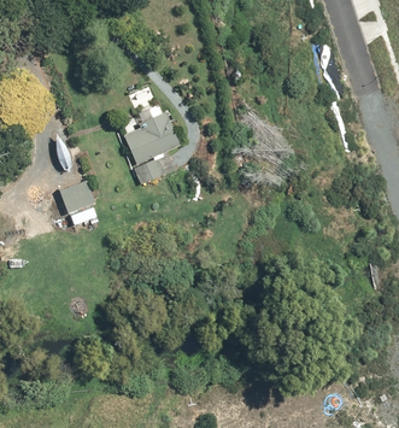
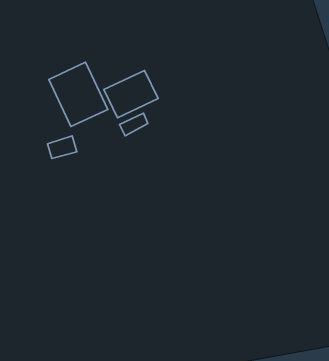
building: none -> [49,62,108,126]

